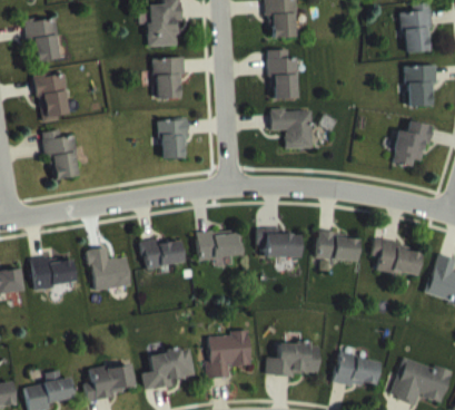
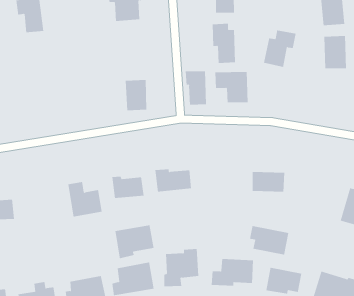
building: [154,57,182,99] -> none
building: [33,74,68,121] -> none
building: none -> [185,71,206,105]
building: [392,120,433,167] -> [263,30,296,67]
building: [41,130,78,178] -> none
building: [257,231,300,257] -> none
building: [372,240,422,276] -> [249,226,289,255]
building: [31,256,76,289] -> none
building: none -> [115,224,154,259]

